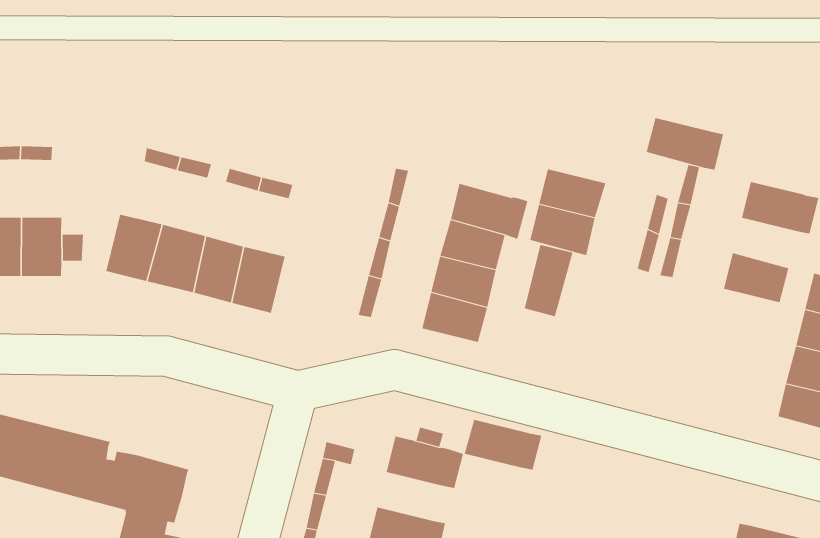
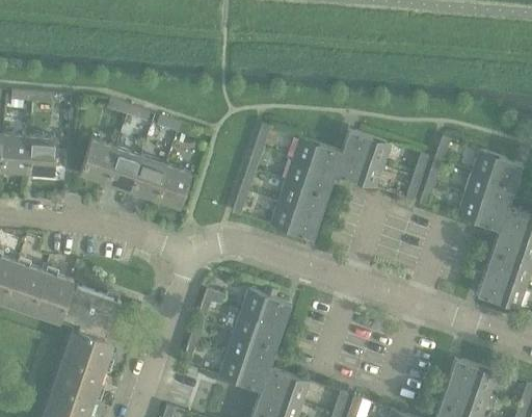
building: [646,118,724,170] -> [463,174,512,209]
building: [524,244,573,317] -> none
building: [464,419,542,470] -> [233,312,282,346]

